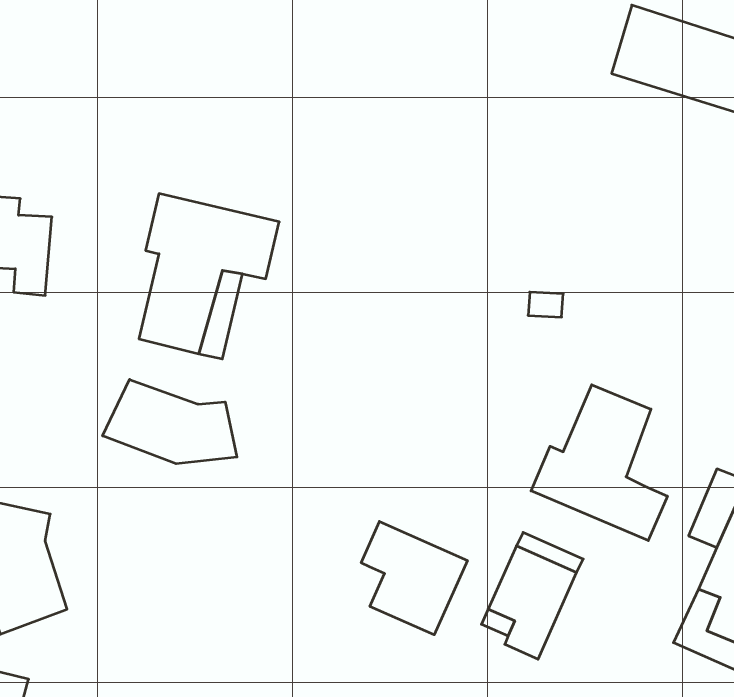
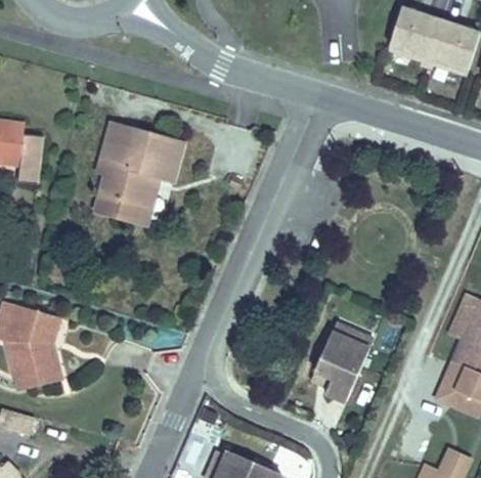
building: [103,379,237,464] -> none
building: [531,385,667,541] -> none
building: [361,521,467,635] -> none

